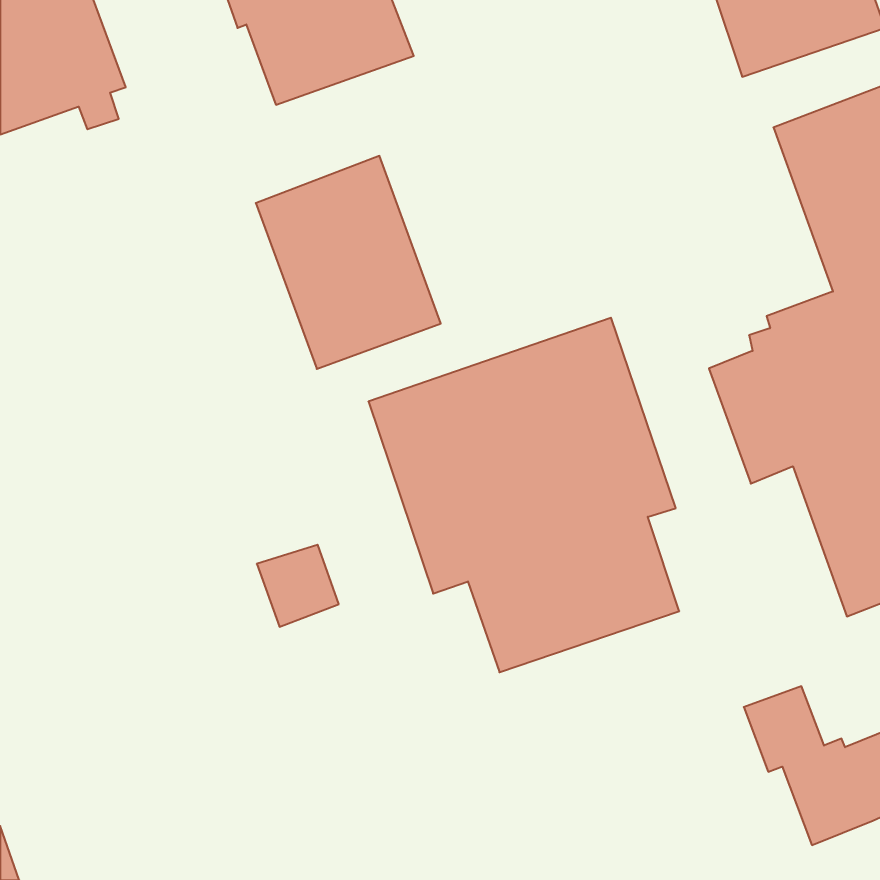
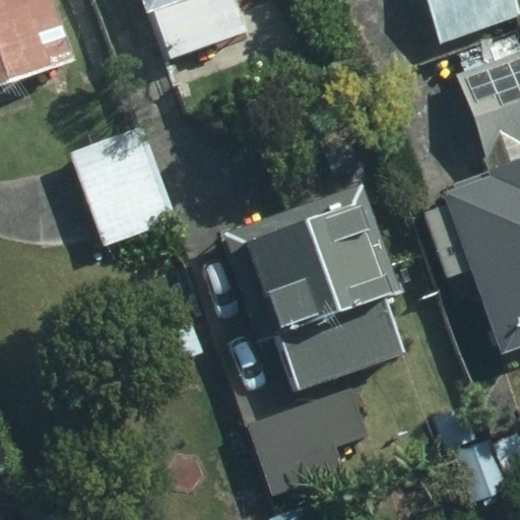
building: [256,156,441,369] -> [69,125,177,249]
building: none -> [249,386,366,495]

